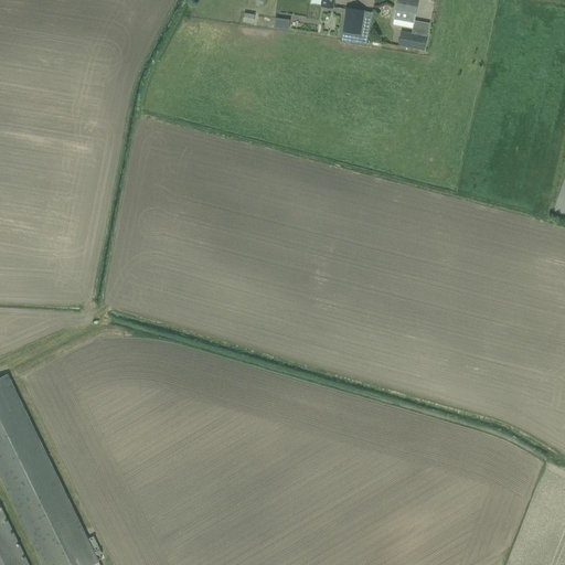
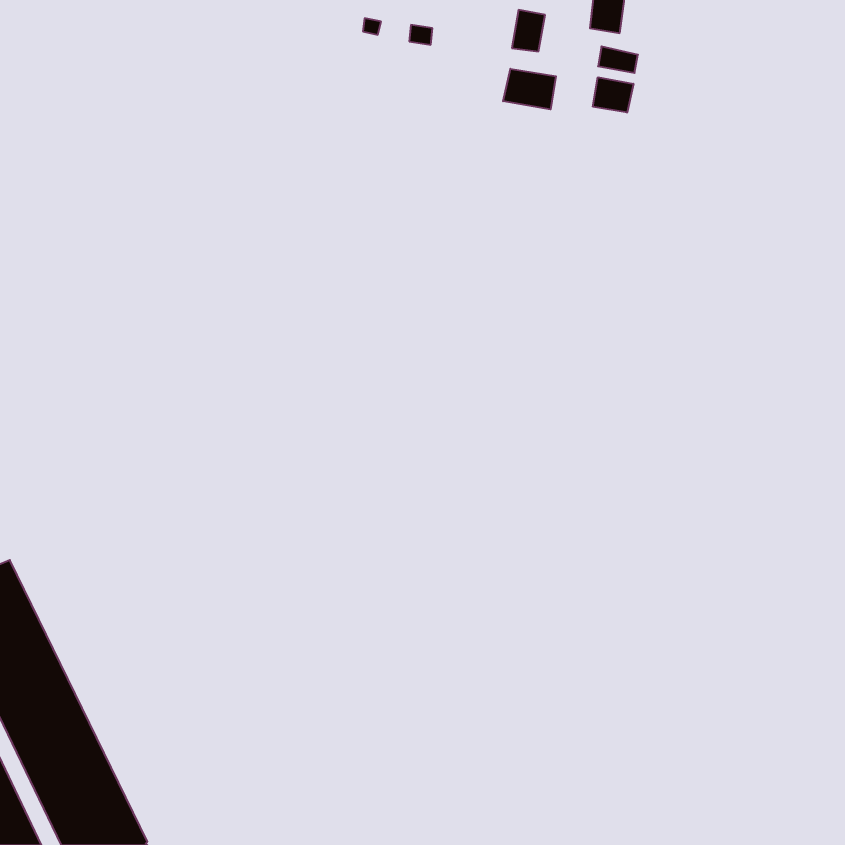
building: none -> [503,69,556,109]
building: none -> [593,77,633,113]

